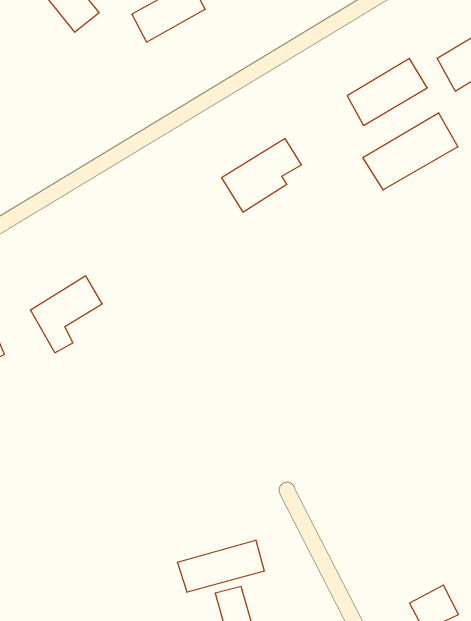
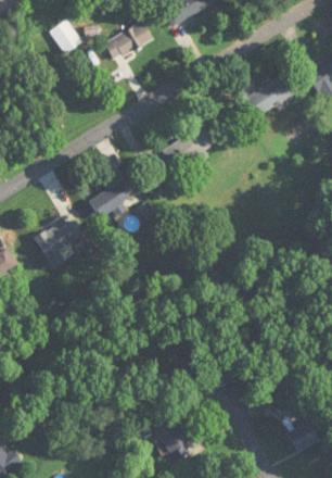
building: [363,113,458,190] -> none
building: none -> [88,180,130,216]
building: [178,540,264,592] -> none

